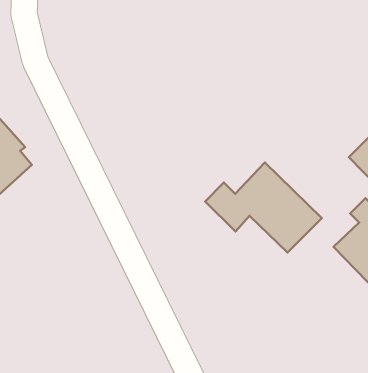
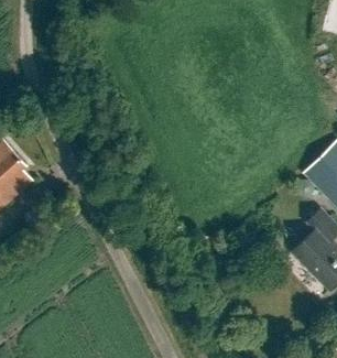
building: [205,163,322,252] -> none

